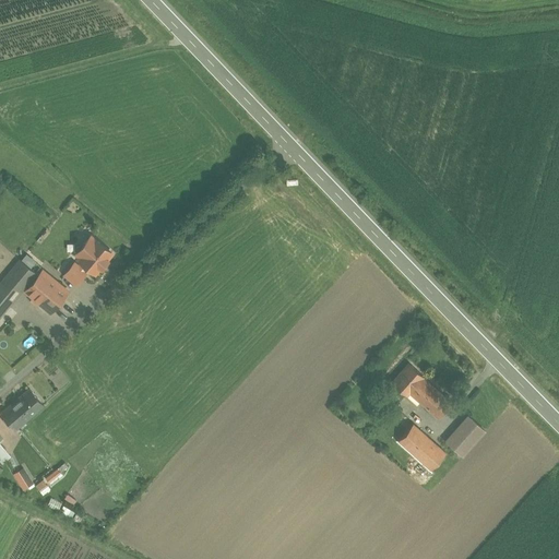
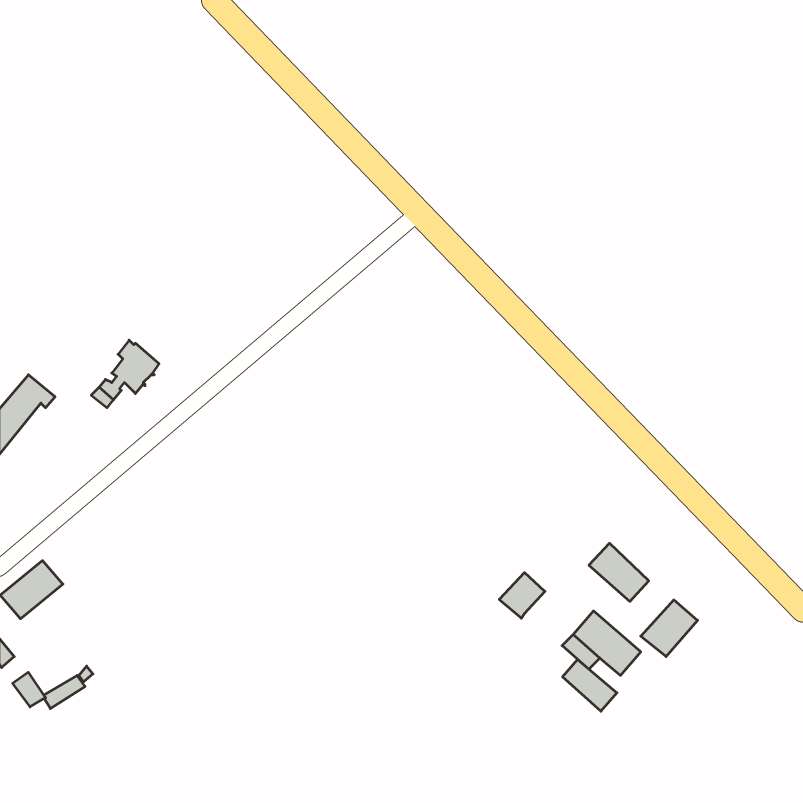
building: [25,271,67,313] -> none
building: [391,365,423,396] -> [499,573,545,618]
building: none -> [563,660,617,711]

